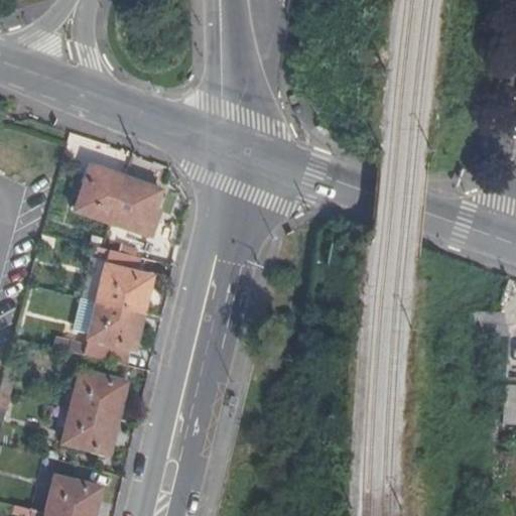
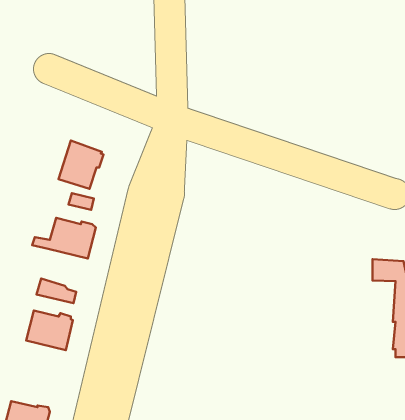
building: [75,165,124,222] -> none
building: [90,301,143,351] -> none
building: [63,406,118,456] -> none

